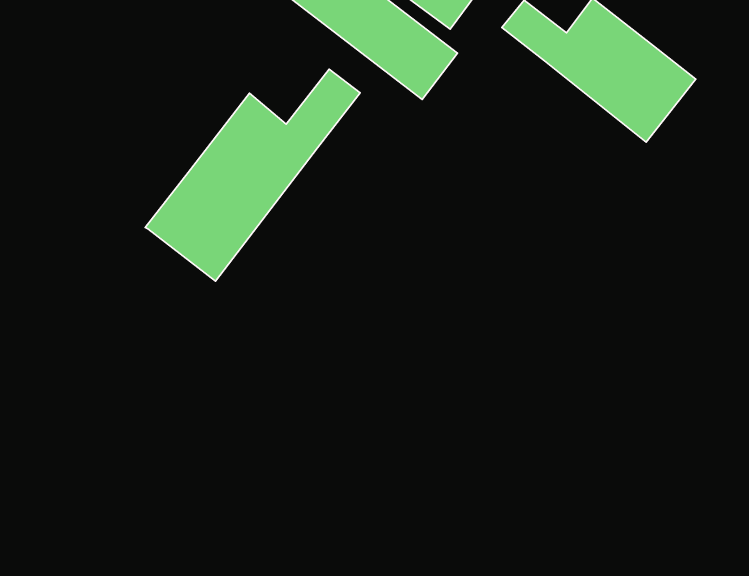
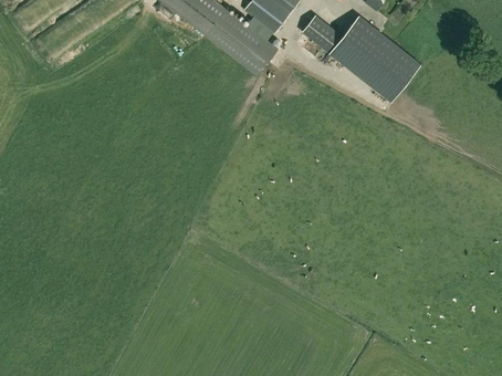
building: [145,69,360,281] -> none

